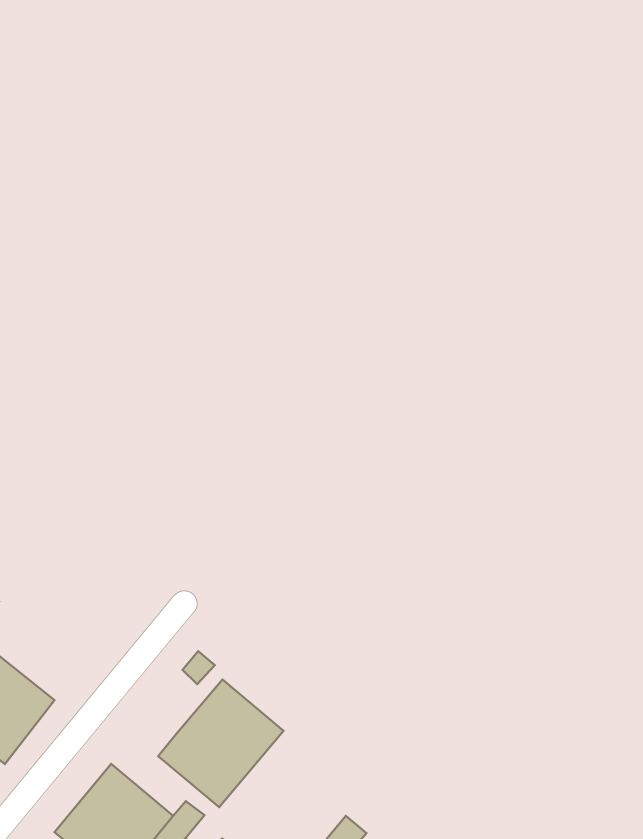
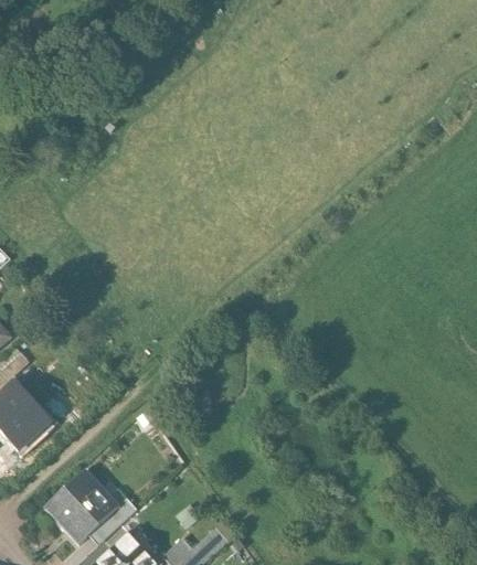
building: [158,680,284,807] -> none

